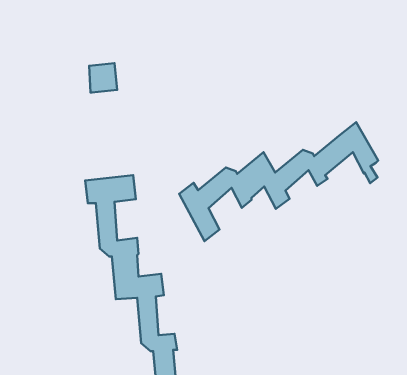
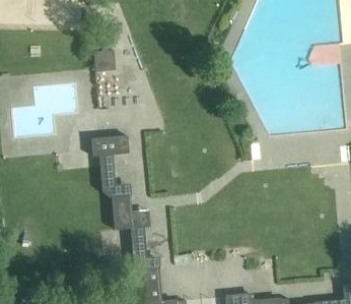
building: [179,122,378,241] -> none

